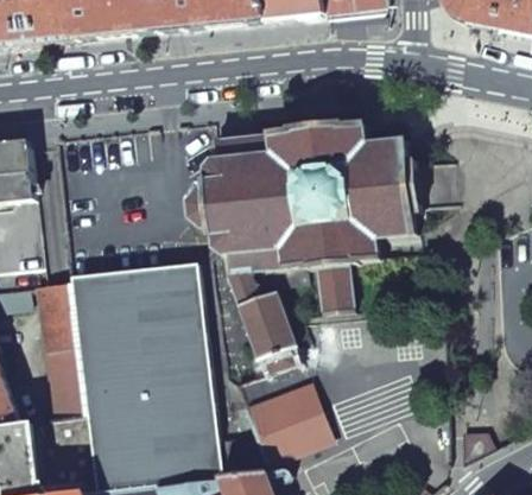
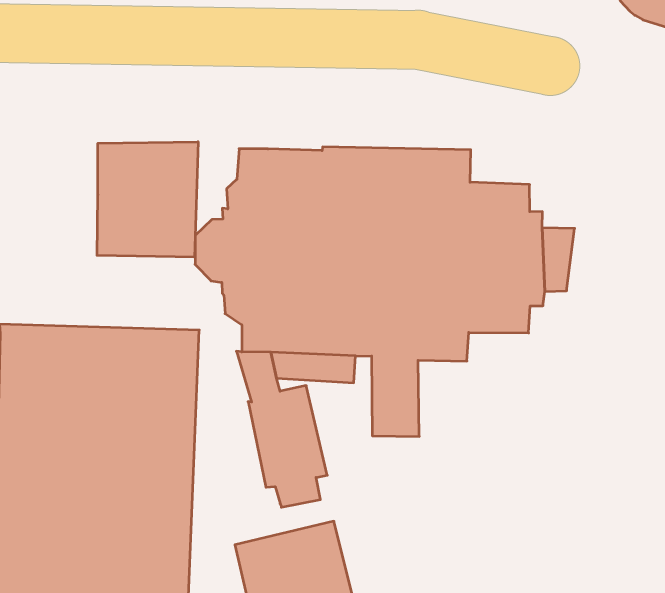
building: none -> [97,142,198,257]

